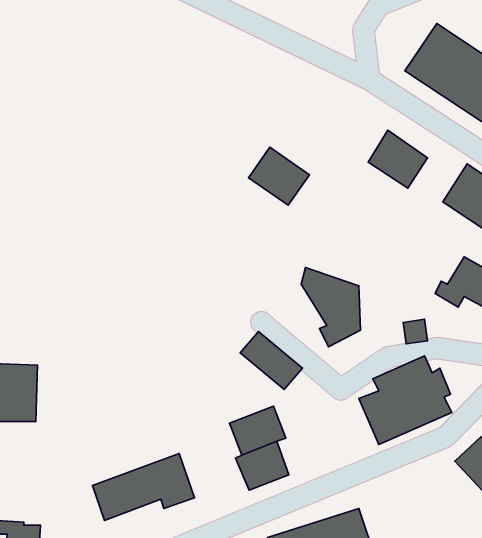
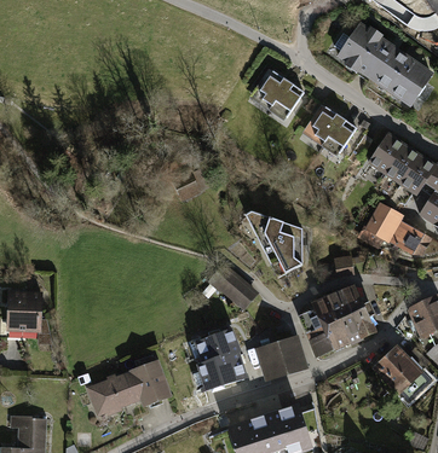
building: [249,147,310,205] -> [254,70,302,116]
building: none -> [254,333,305,381]

